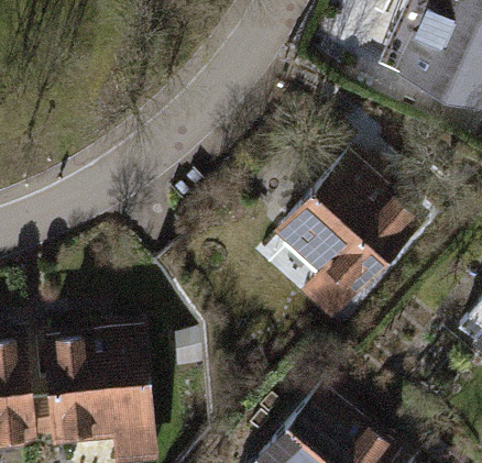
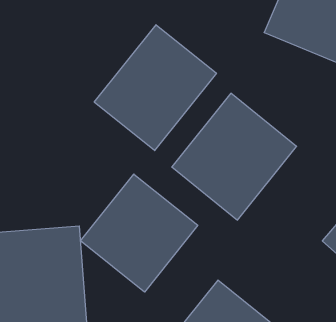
building: none -> [94,25,216,151]
building: none -> [81,174,198,292]

